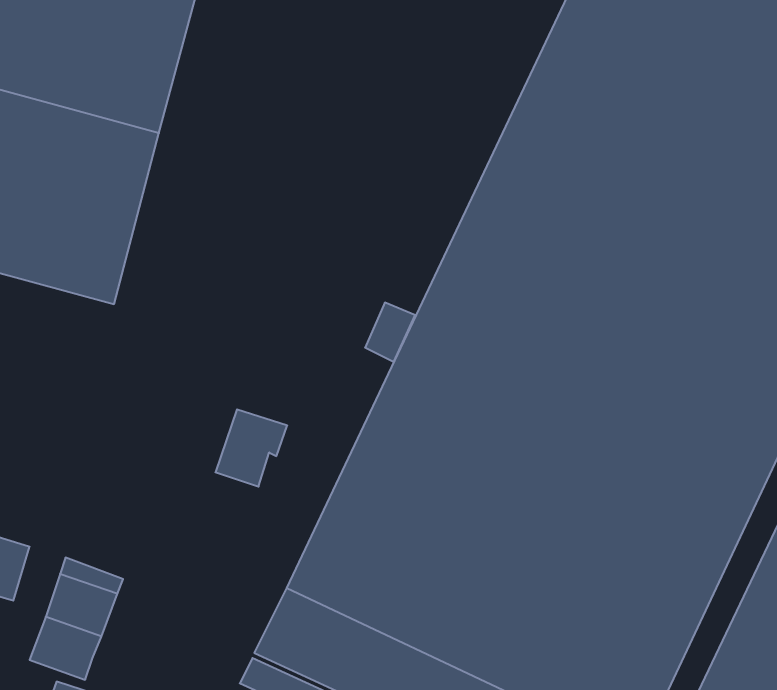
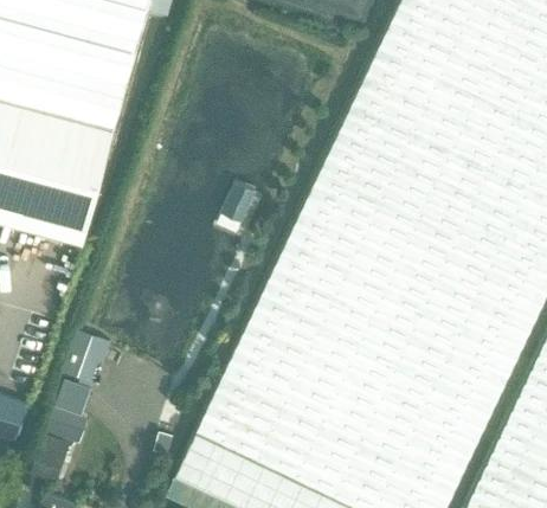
building: [365,303,415,362] -> [221,184,255,223]
building: [215,409,287,487] -> [63,332,110,382]
building: none -> [56,379,91,417]

